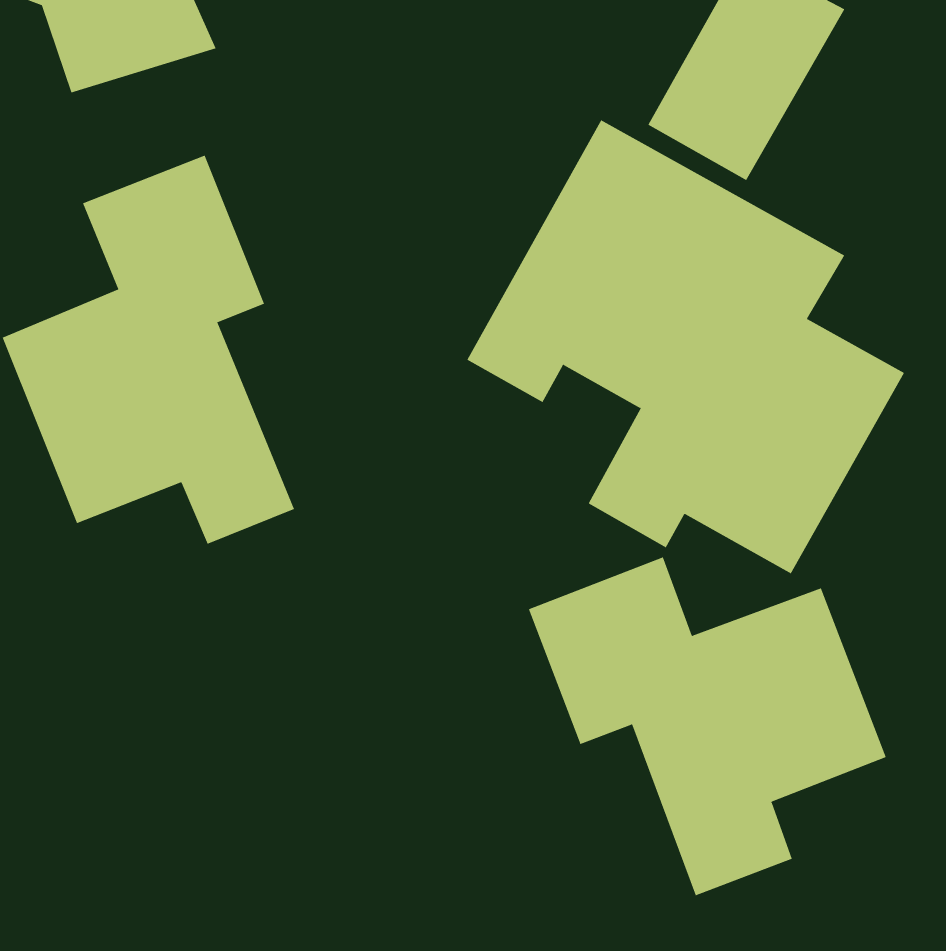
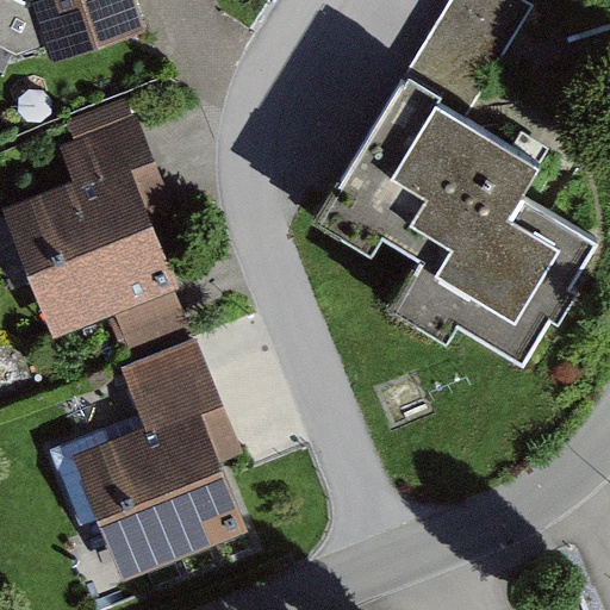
building: none -> [71,330,247,572]
building: [528,556,887,896] -> none

